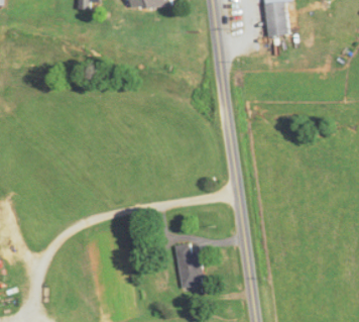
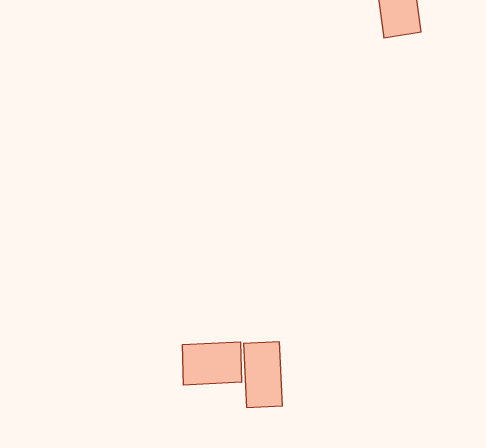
building: none -> [182,342,242,385]

